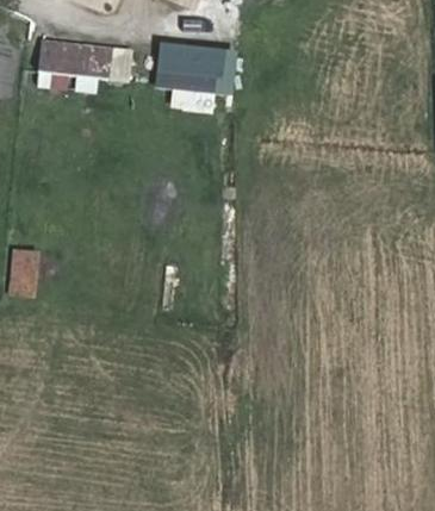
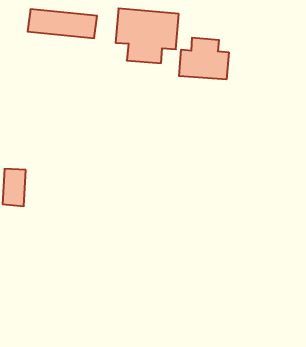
building: none -> [179,38,229,79]

